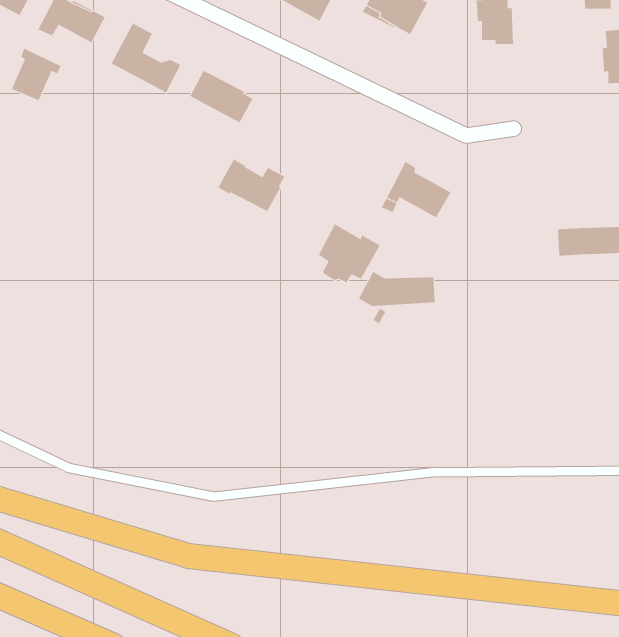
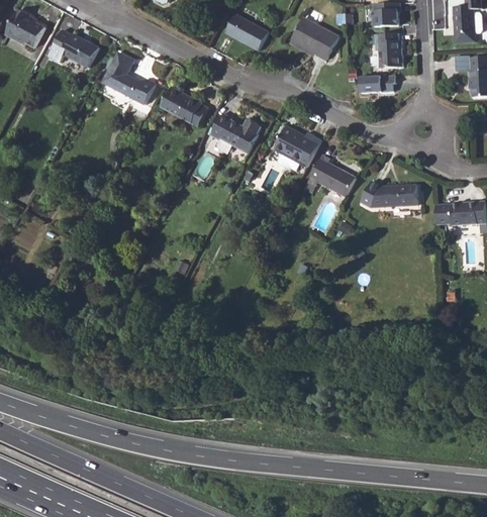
building: [11,48,62,101] -> none
building: none -> [361,75,395,92]
building: [217,159,285,212] -> [210,113,261,152]
building: [318,224,381,283] -> [274,125,320,170]
building: [358,271,435,307] -> [360,182,417,208]

